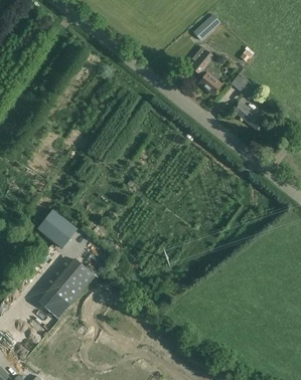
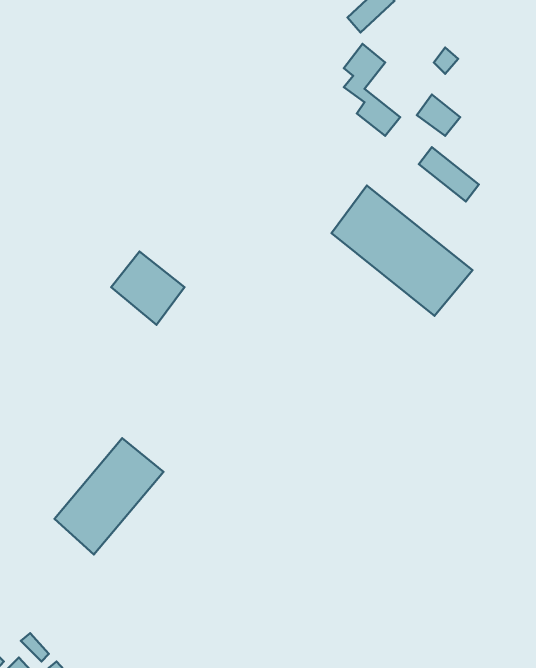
building: none -> [332,185,472,316]
building: [38,209,78,248] -> [111,252,185,325]

